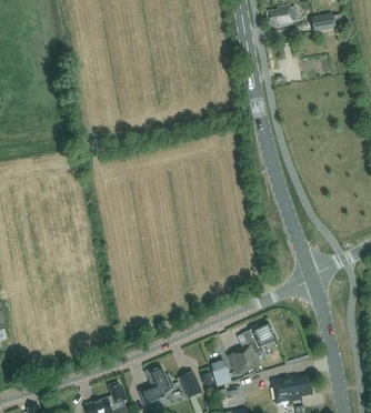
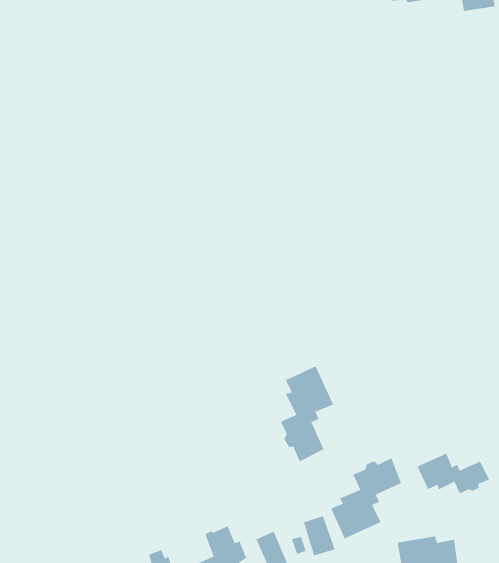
building: none -> [280,365,334,462]
building: none -> [417,453,490,494]

